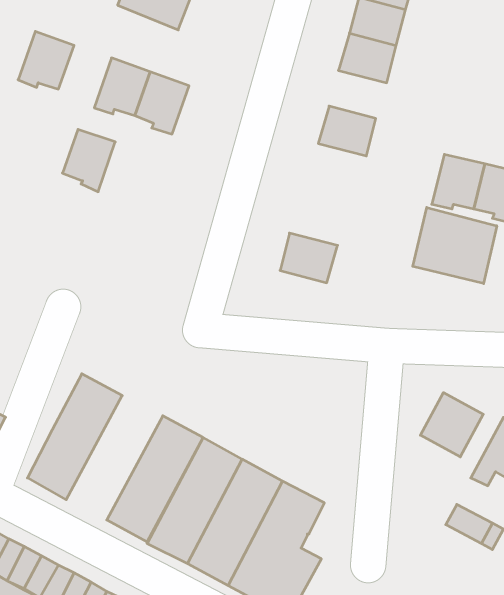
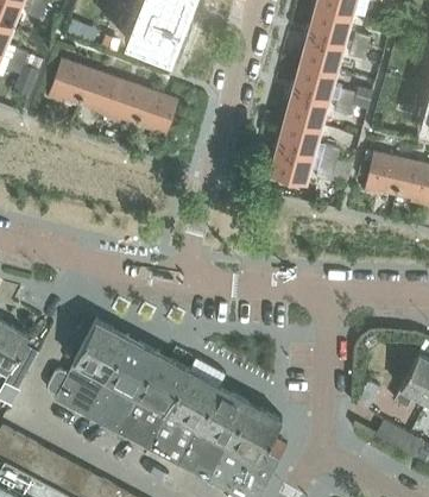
building: none -> [285,89,329,126]
building: [62,129,115,192] -> [78,70,119,118]
building: [413,207,497,284] -> none
building: [280,233,338,283] -> [270,145,314,183]
building: [420,393,483,457] -> none
building: none -> [84,338,158,434]

